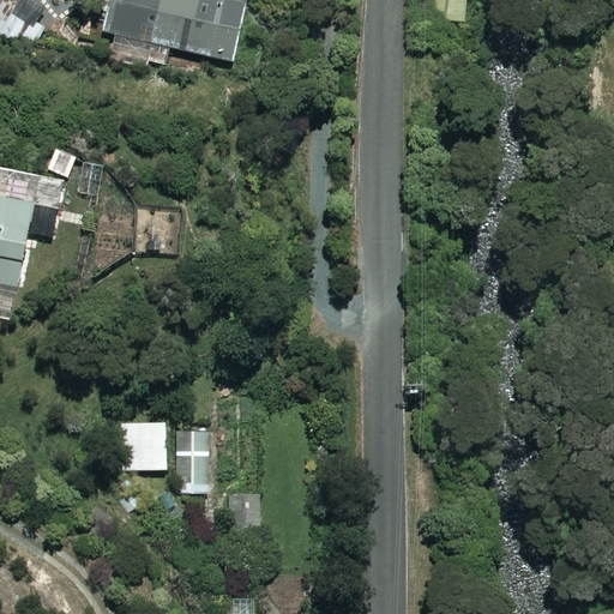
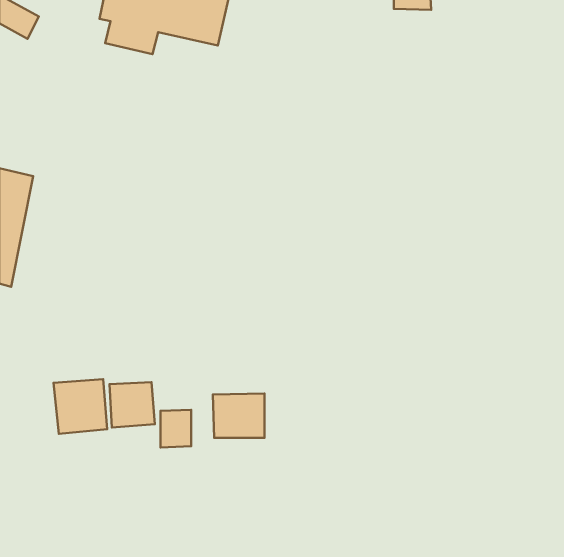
building: none -> [54,379,107,434]
building: none -> [213,394,264,438]

